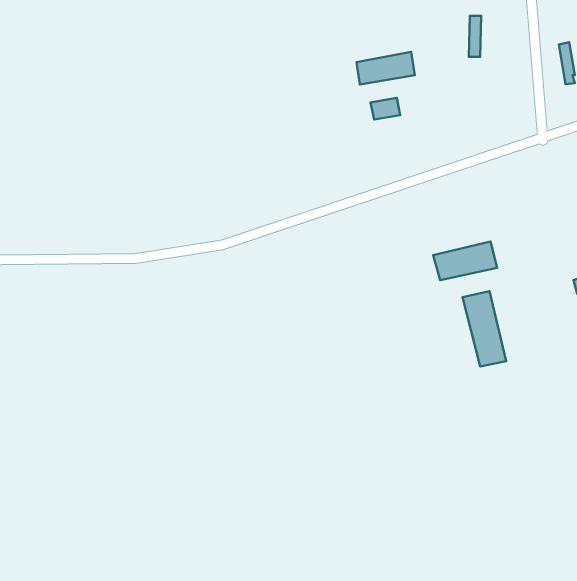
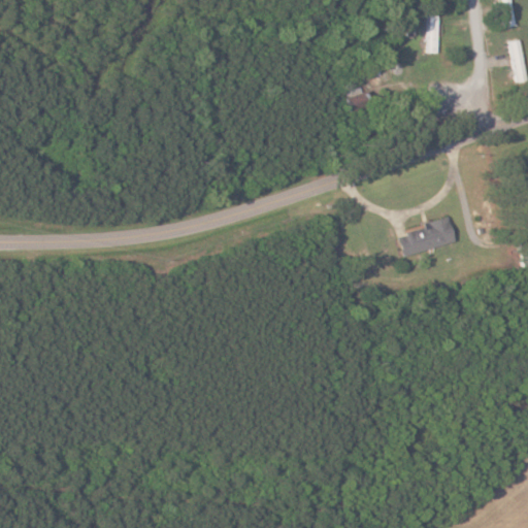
building: [357,52,415,85] -> none
building: [462,291,506,366] -> none

